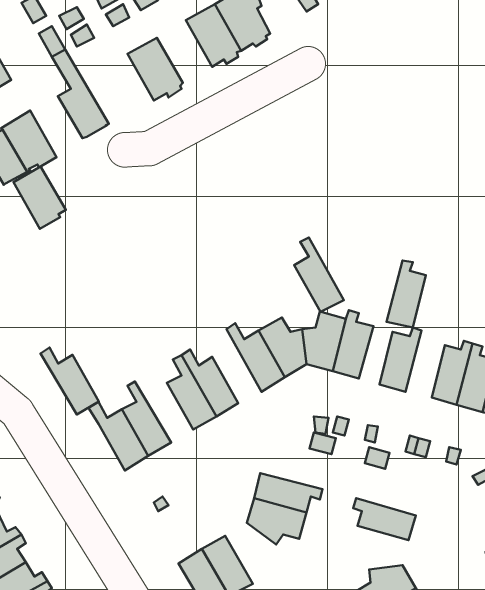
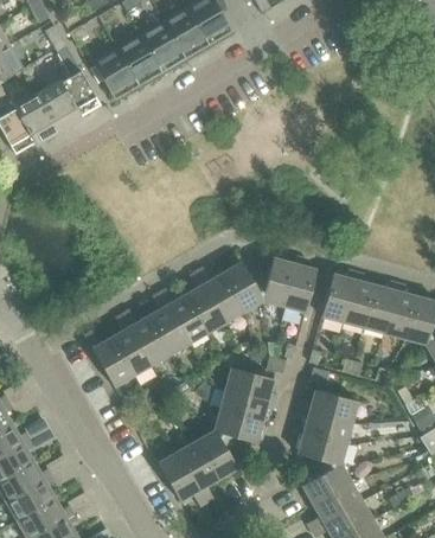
building: none -> [140,21,185,72]
building: none -> [90,49,137,101]
building: [14,166,66,229] -> [37,82,79,133]
building: [294,238,344,312] -> [185,273,225,333]
building: [387,261,426,328] -> [343,274,375,328]
building: [41,348,99,415] -> [122,310,169,365]
building: none -> [224,367,277,403]
building: none -> [302,390,357,424]
building: none -> [196,430,237,480]
building: none -> [298,433,345,468]

